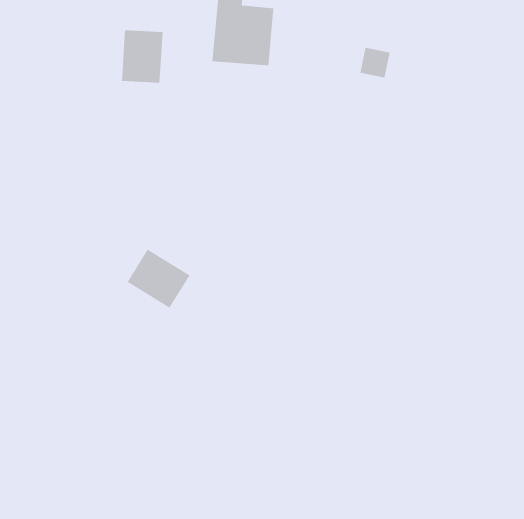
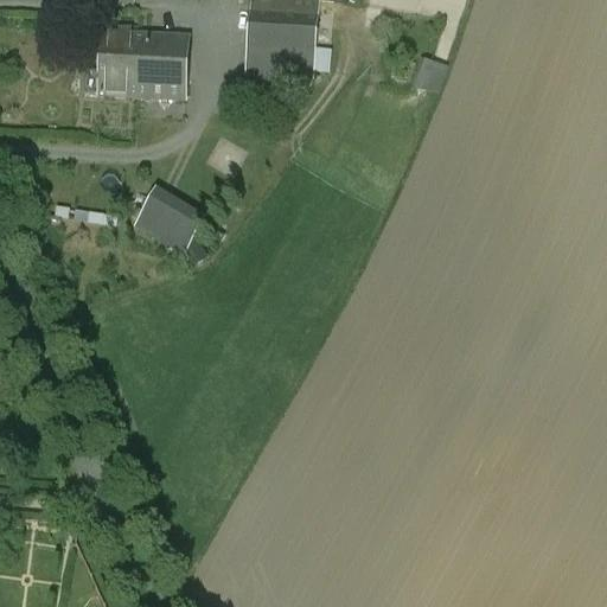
building: none -> [84,32,143,94]
building: [127,249,190,308] -> [132,185,205,254]

